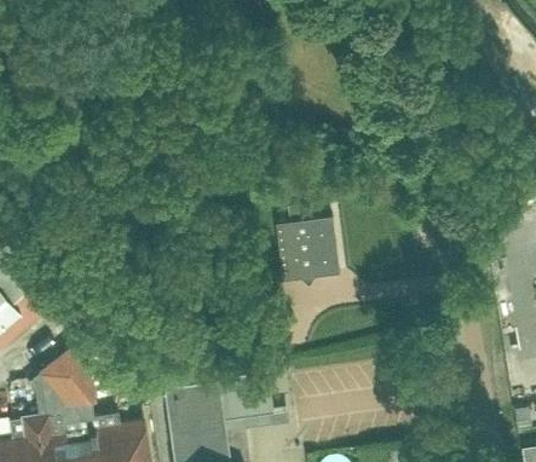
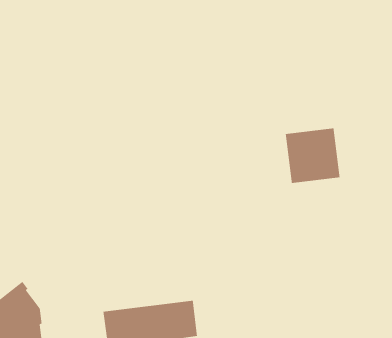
building: [276,218,340,283] -> [285,127,340,184]

